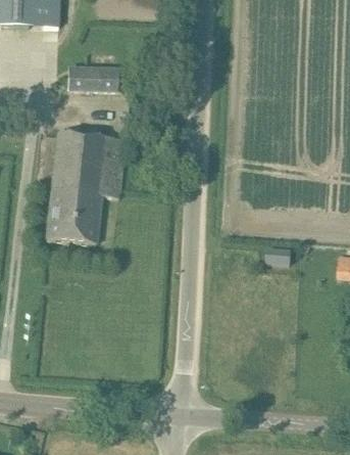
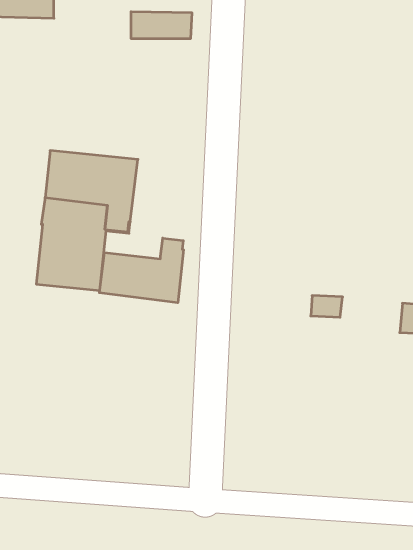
building: [68,67,117,89] -> [131,12,192,38]
building: none -> [99,238,183,303]

